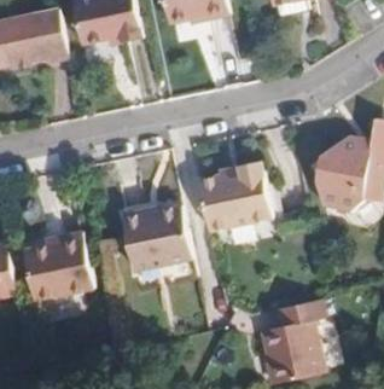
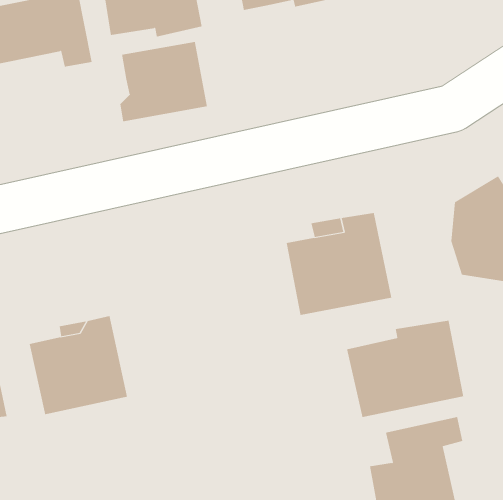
building: none -> [120,41,208,122]
building: [117,207,191,272] -> none
building: none -> [346,320,464,418]

